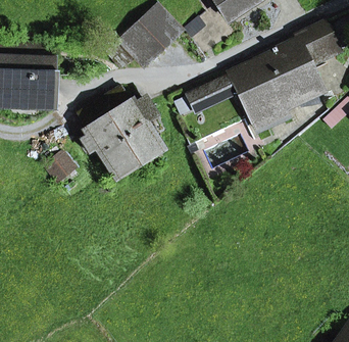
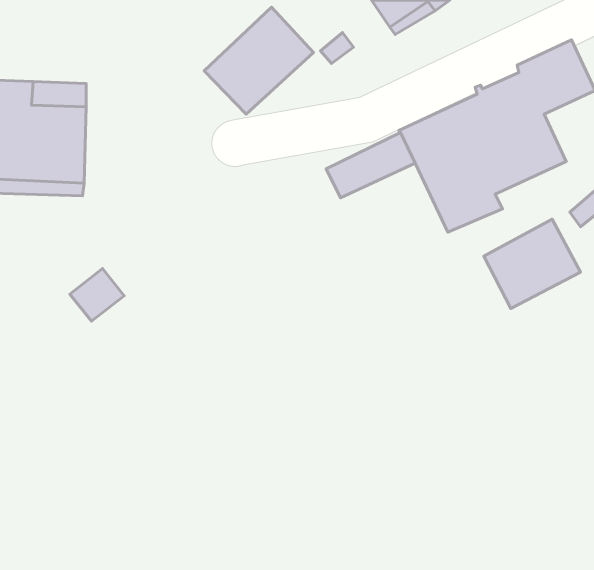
building: [78,87,161,178] -> none
building: none -> [484,219,580,308]

